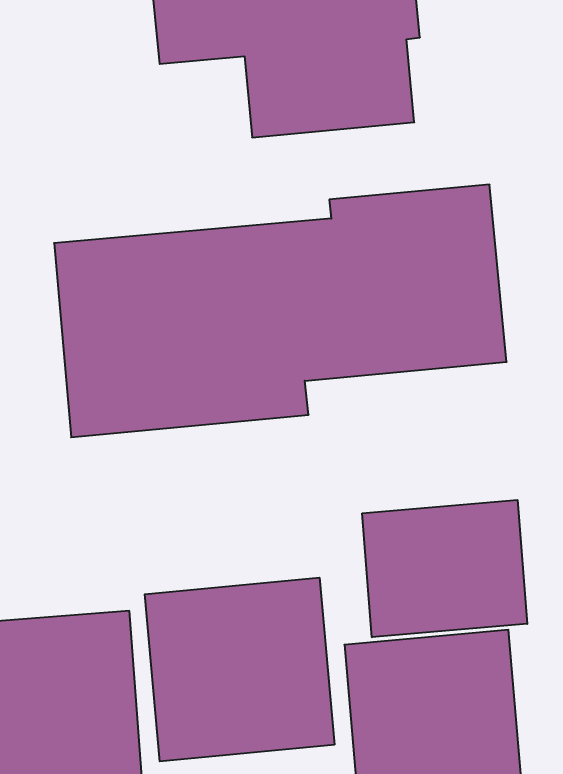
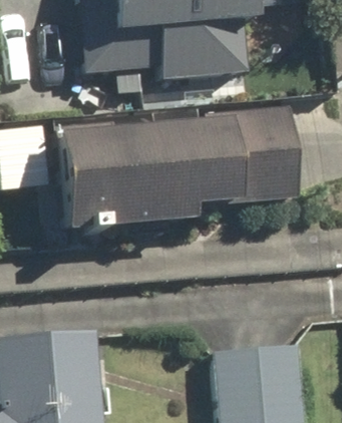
building: [362,500,527,637] -> none
building: [145,578,334,761] -> none

